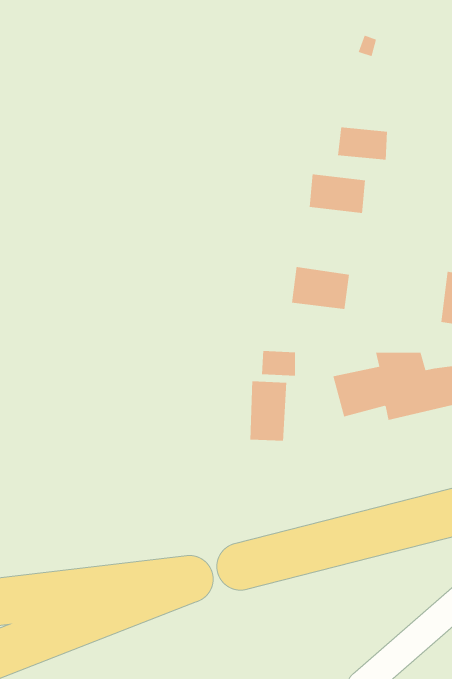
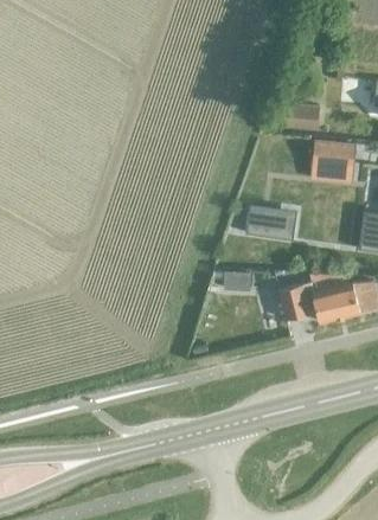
building: [309,174,366,214] -> [313,140,355,169]
building: [250,381,287,441] -> none

